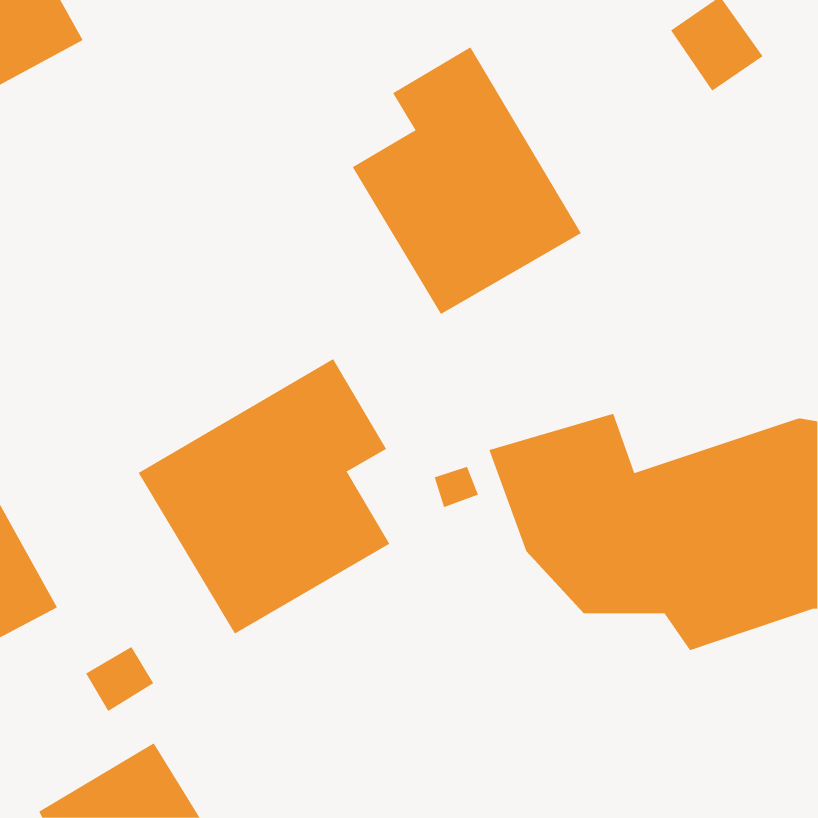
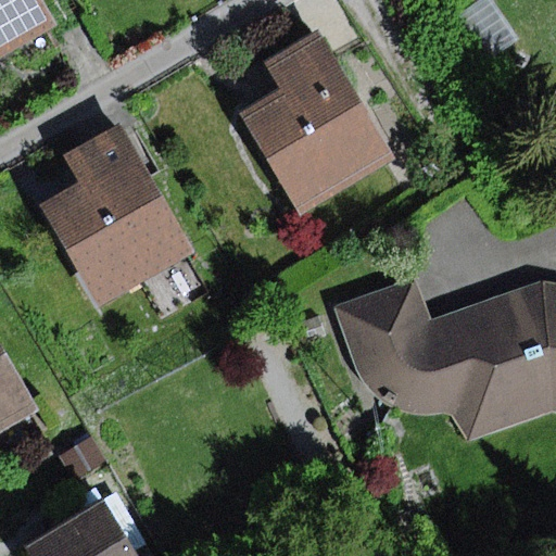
building: none -> [39,123,197,306]
building: [138,358,390,635] -> none

